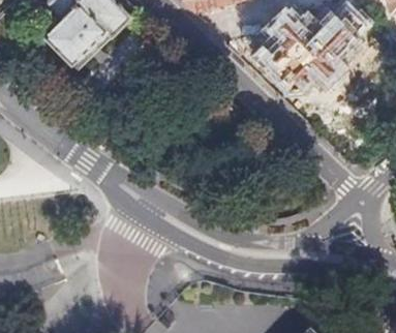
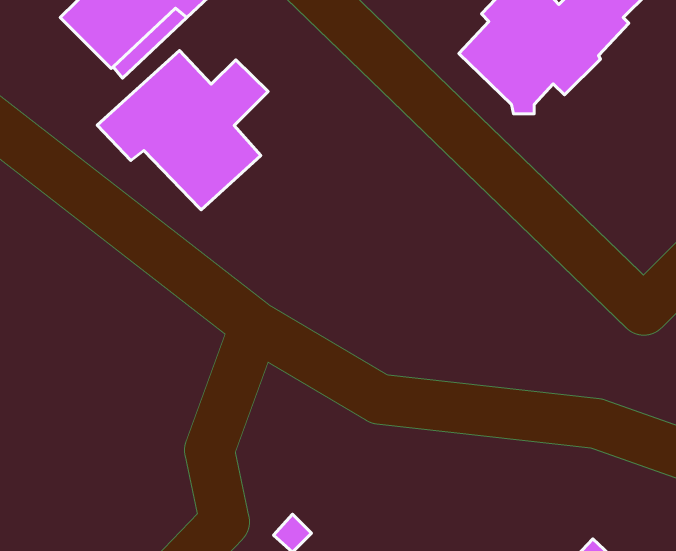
building: none -> [97,51,268,210]

